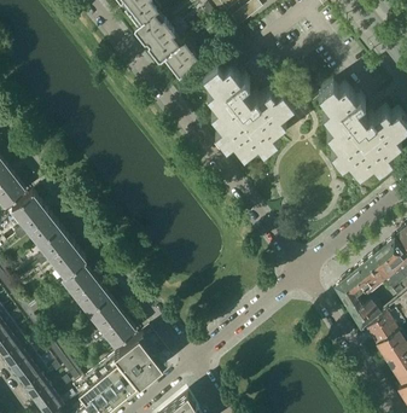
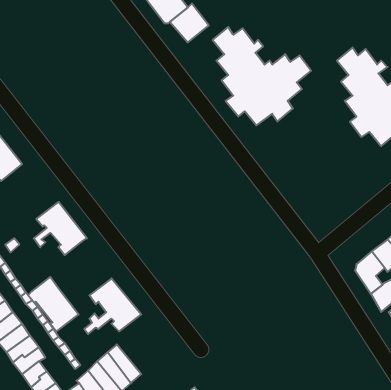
building: [12,191,59,242] -> none
building: [62,262,109,313] -> [28,277,79,331]
building: [117,332,167,384] -> none

